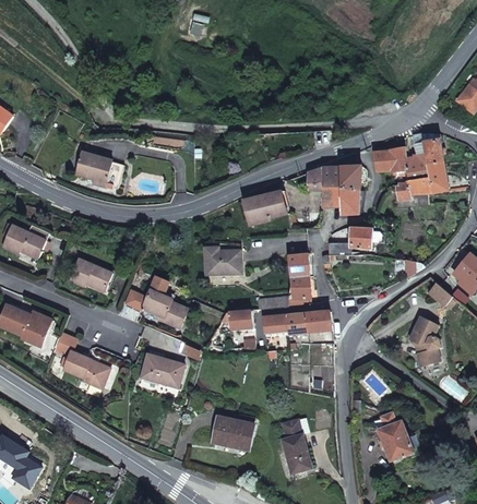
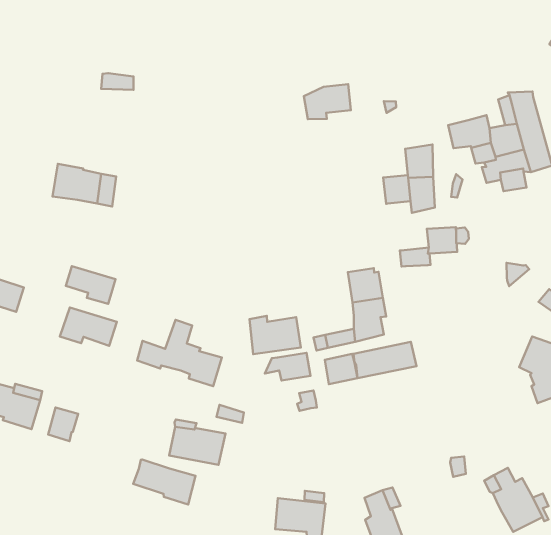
building: [307,167,341,191] -> [304,84,351,119]
building: [243,191,287,225] -> none
building: none -> [66,266,116,304]
building: [205,247,241,274] -> [249,316,301,354]
building: [62,351,109,388] -> [133,460,195,505]

